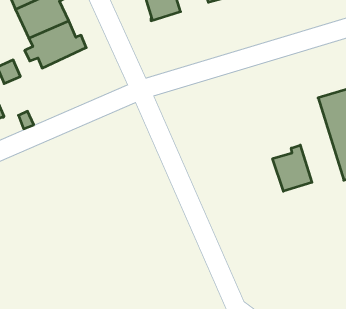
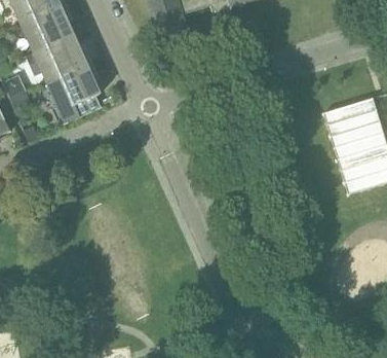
building: none -> [47,63,102,124]
building: [273,145,312,191] -> none

